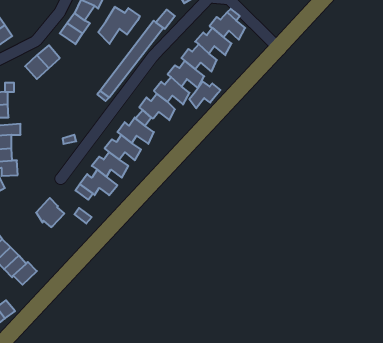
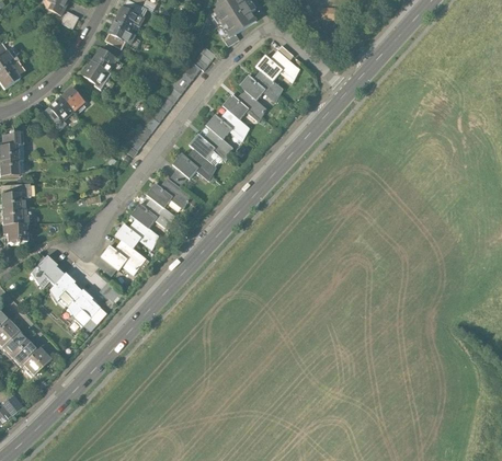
building: [98,7,140,44] -> none
building: [189,82,220,108] -> none
building: none -> [33,254,66,291]
building: none -> [71,288,110,331]

